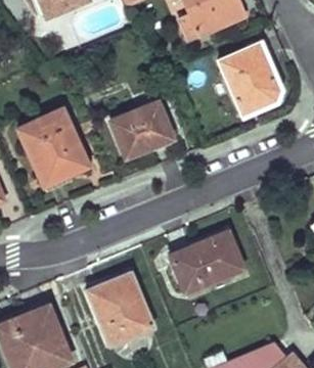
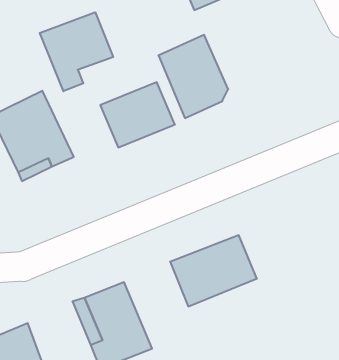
building: none -> [40,12,113,91]
building: [220,43,279,113] -> [158,35,228,118]

